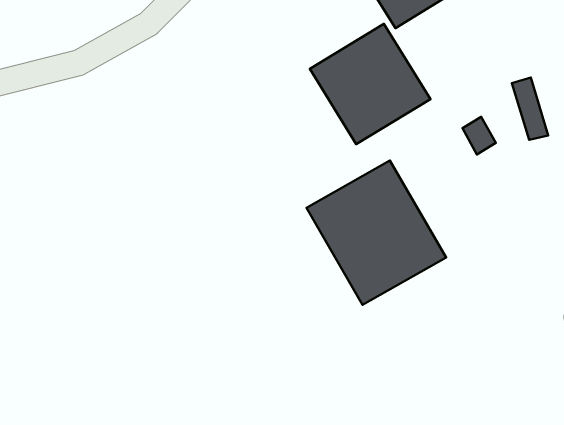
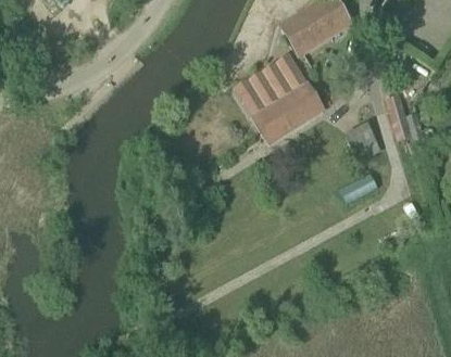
building: [306,160,446,305] -> none
building: none -> [338,171,377,203]

